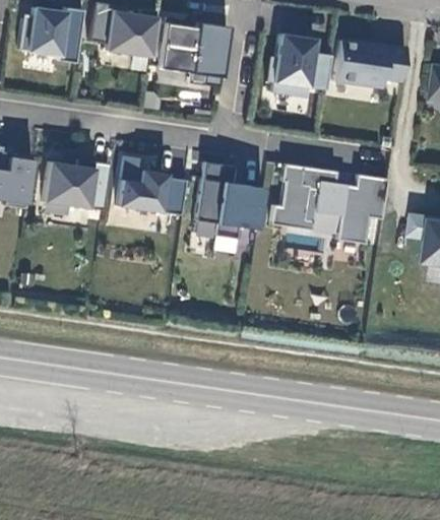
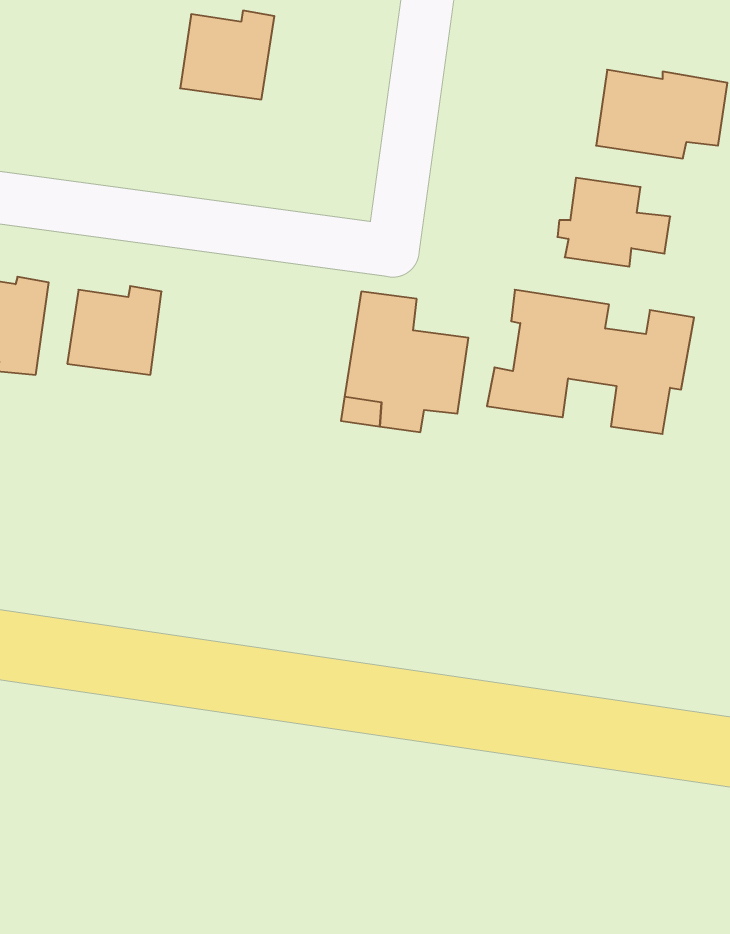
building: [19,7,84,63] -> none
building: [159,17,229,85] -> none
building: [269,34,331,82] -> [557,178,670,267]
building: [118,156,187,216] -> none

